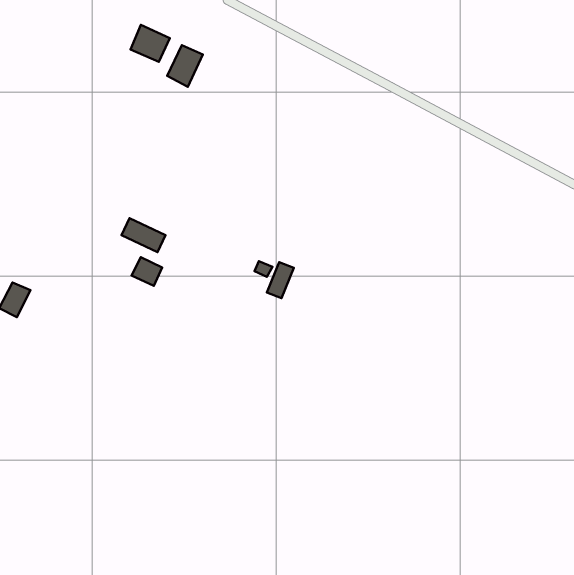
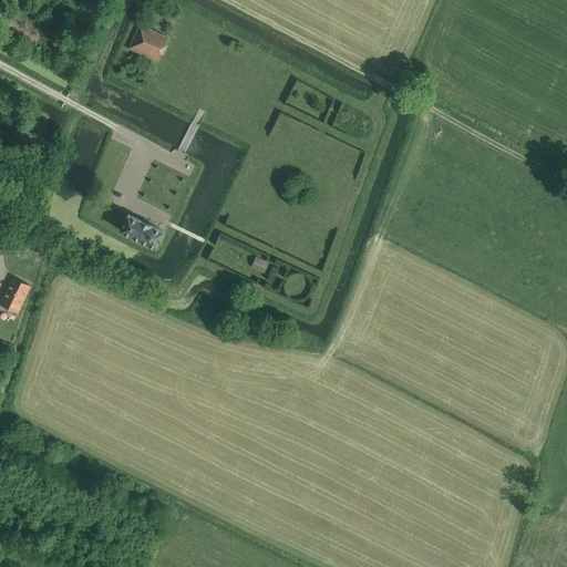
building: [167,45,203,87] -> none
building: [131,257,162,286] -> none

